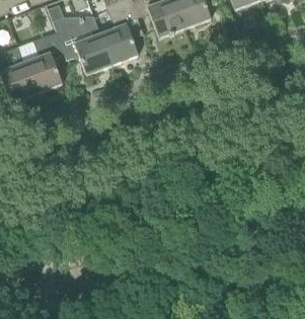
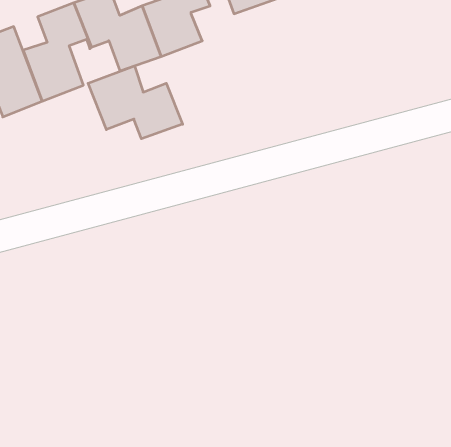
building: none -> [88,66,183,139]

